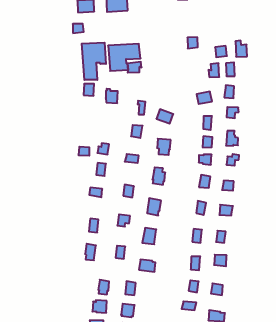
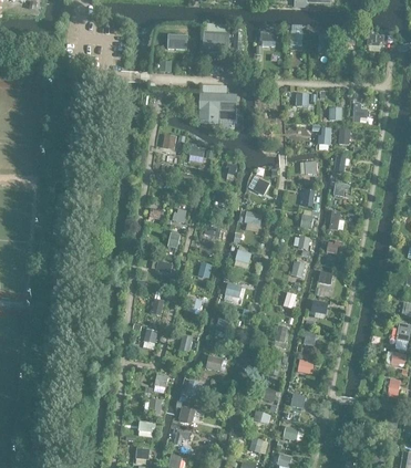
building: [82,43,106,80] -> none

